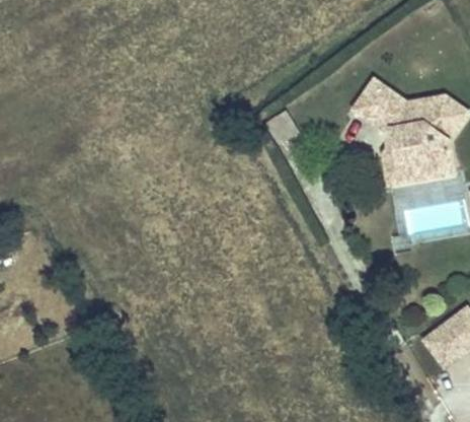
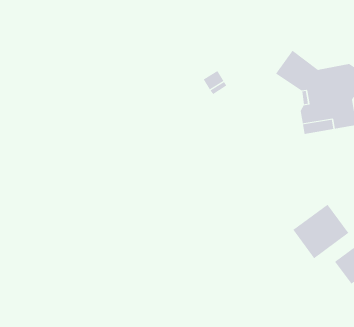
building: none -> [292,204,349,259]

